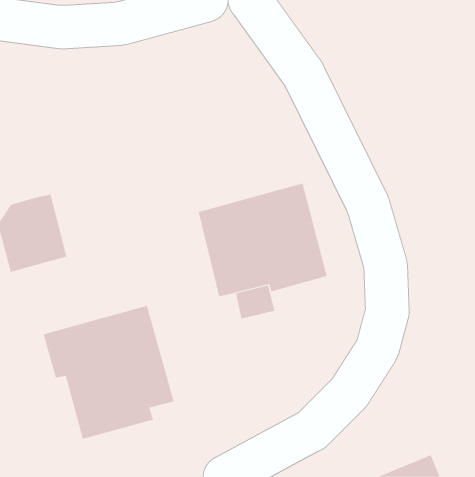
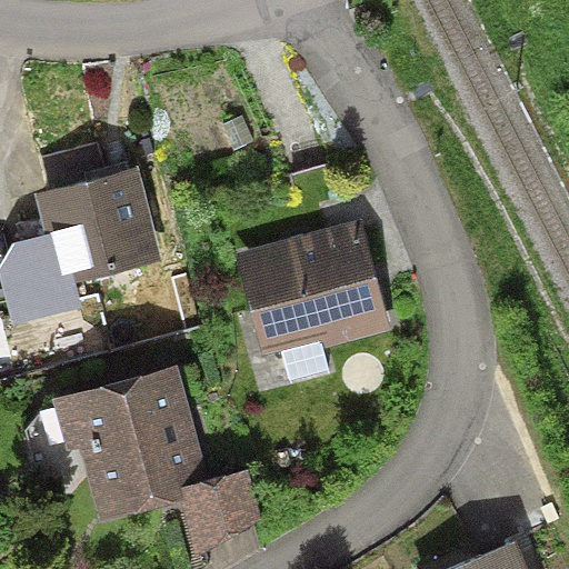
building: none -> [32,167,160,283]
building: none -> [179,469,259,559]

